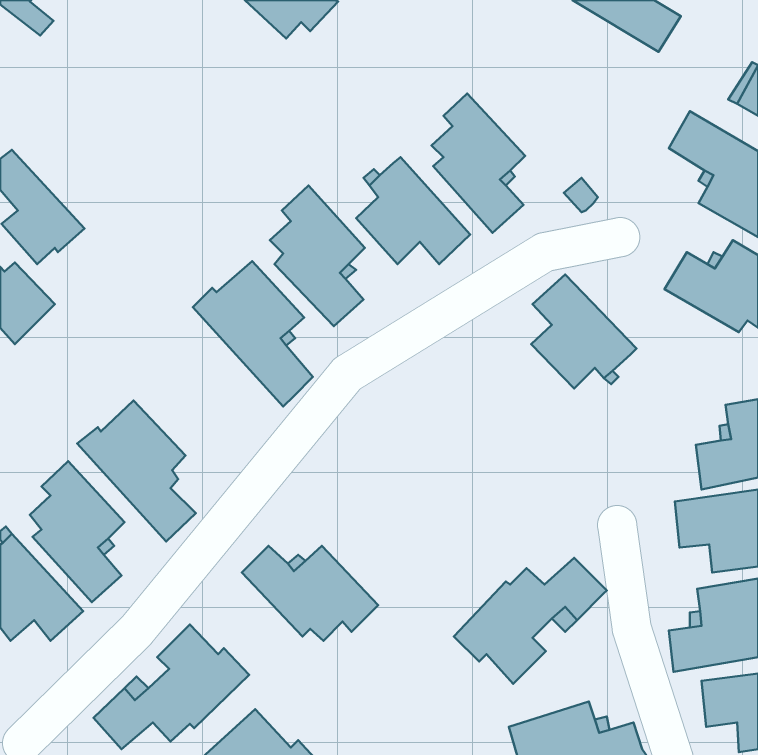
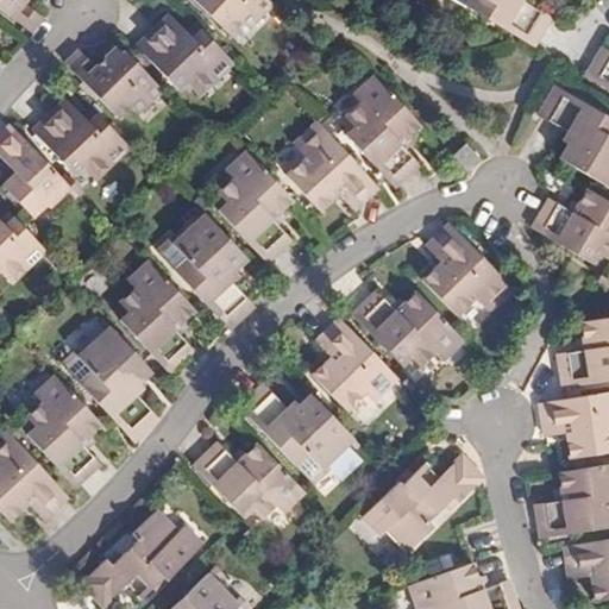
building: none -> [139,14,232,94]
building: none -> [61,48,158,114]
building: none -> [30,98,126,177]
building: none -> [118,257,192,370]
building: none -> [356,291,465,368]
building: none -> [314,316,397,407]
building: none -> [240,381,353,481]

